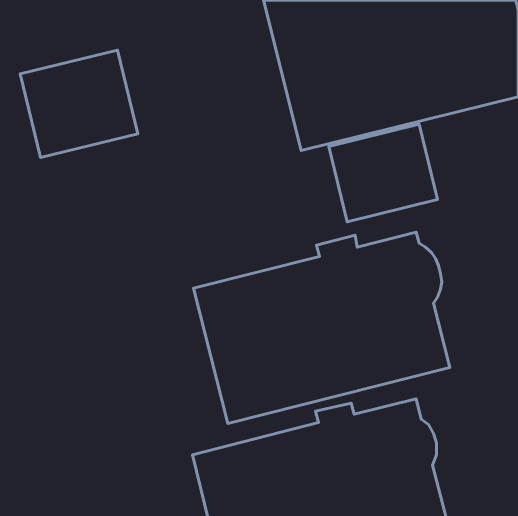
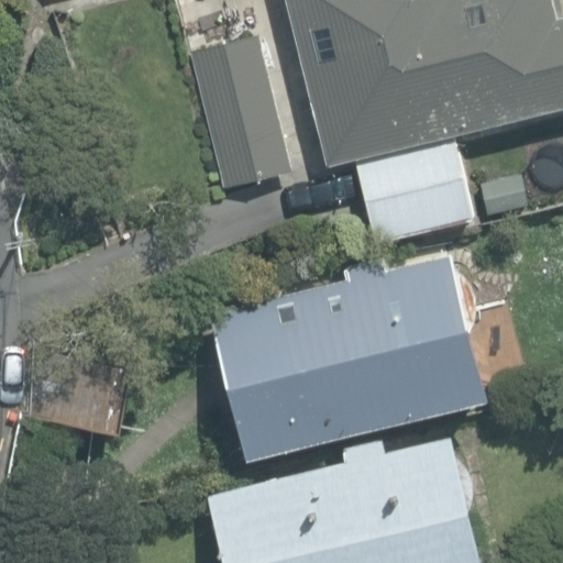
building: none -> [190,36,291,189]
building: [20,50,138,158] -> none

